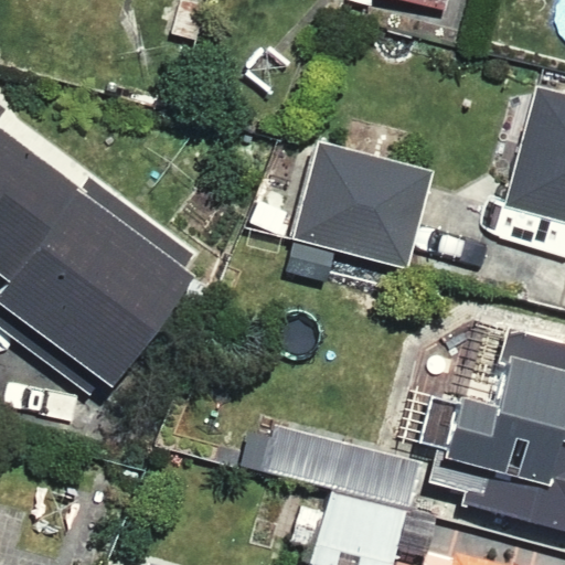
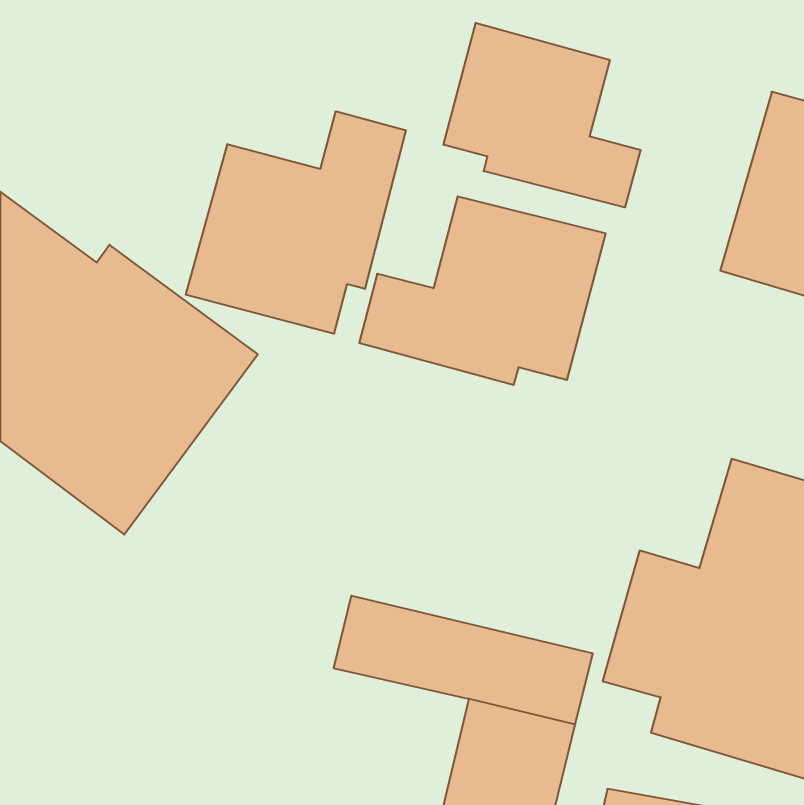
building: none -> [444,23,641,207]
building: none -> [186,111,406,334]

